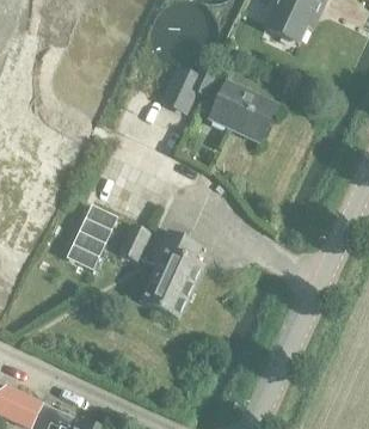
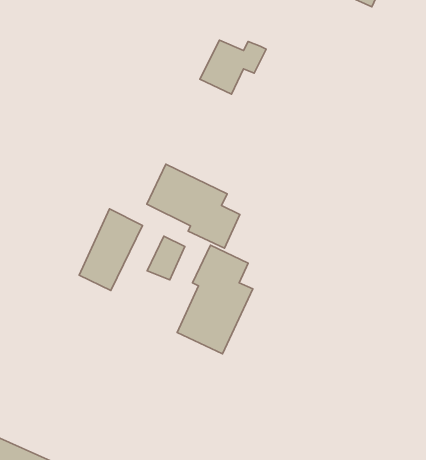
building: [209,82,275,139] -> none
building: none -> [147,164,240,248]

